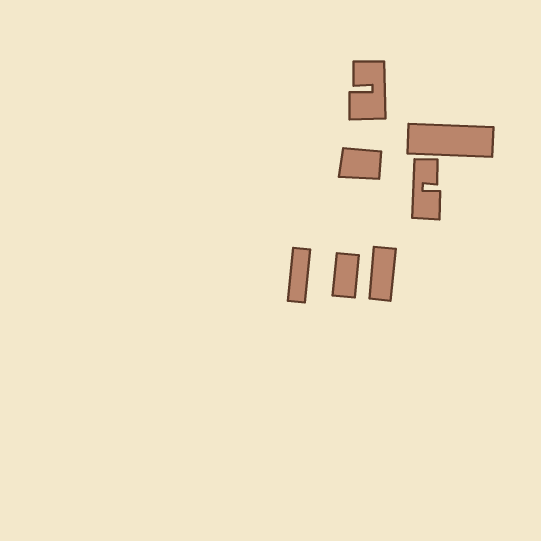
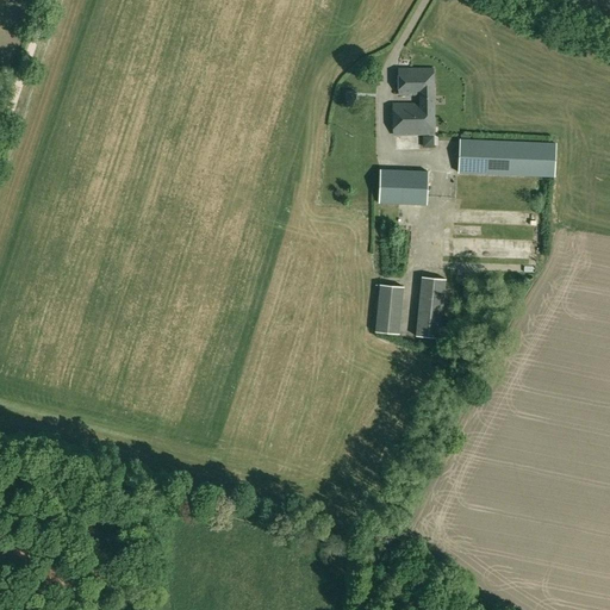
building: [412,159,440,219] -> none
building: [288,248,310,303] -> none

